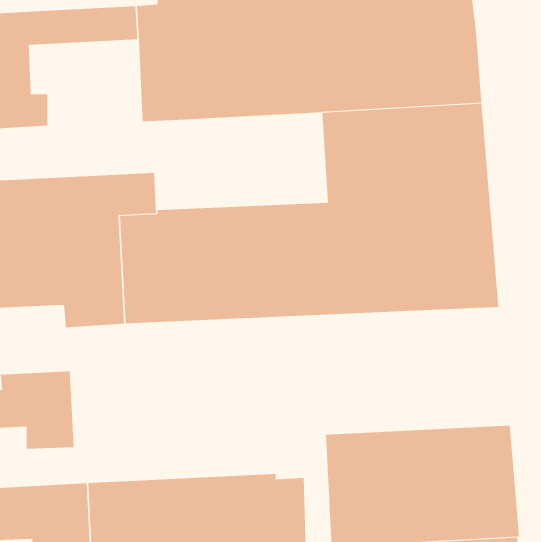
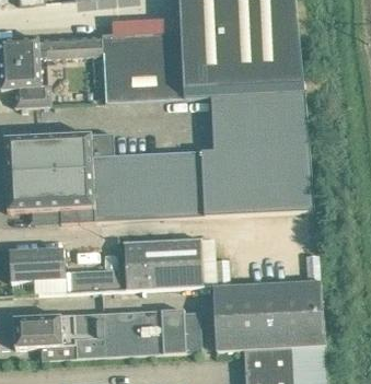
building: none -> [124,237,205,289]
building: none -> [66,267,120,291]

